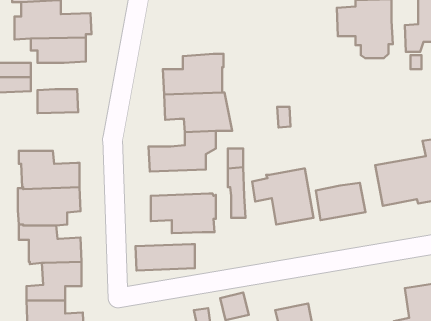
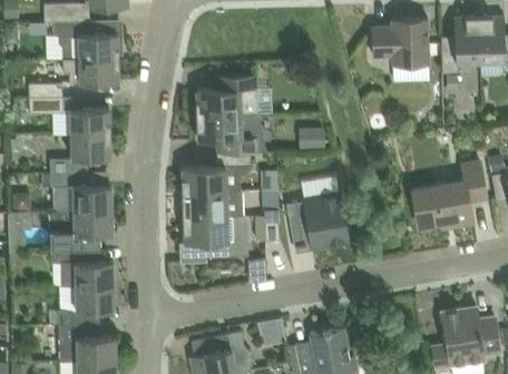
building: none -> [50,134,110,173]
building: [316,183,366,220] -> none
building: [135,244,195,271] -> [183,191,243,218]

